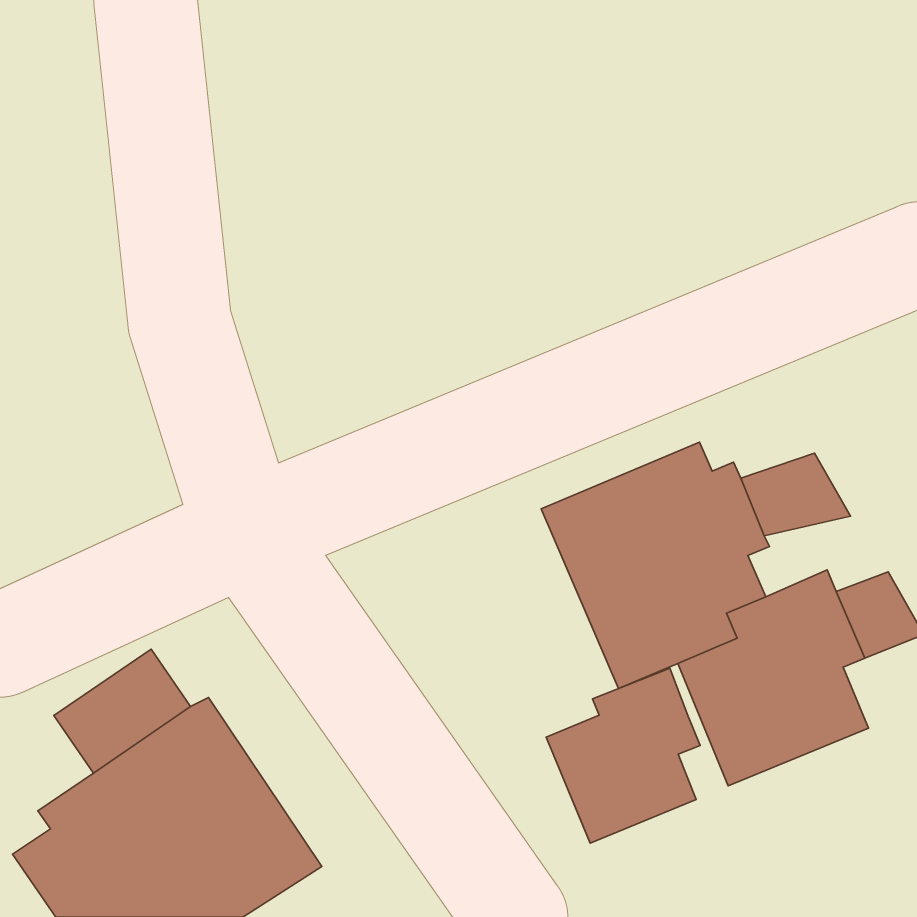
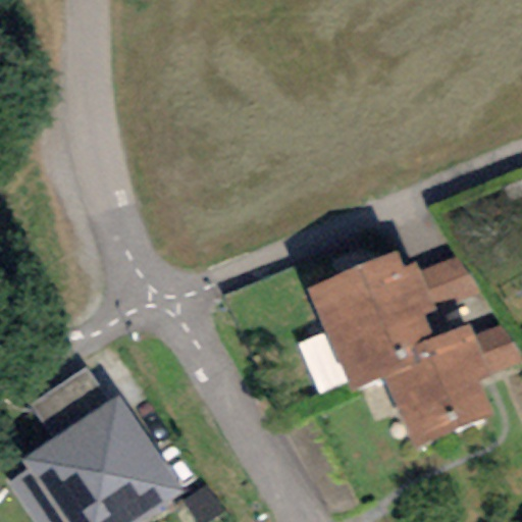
building: [546,668,700,843] -> none

